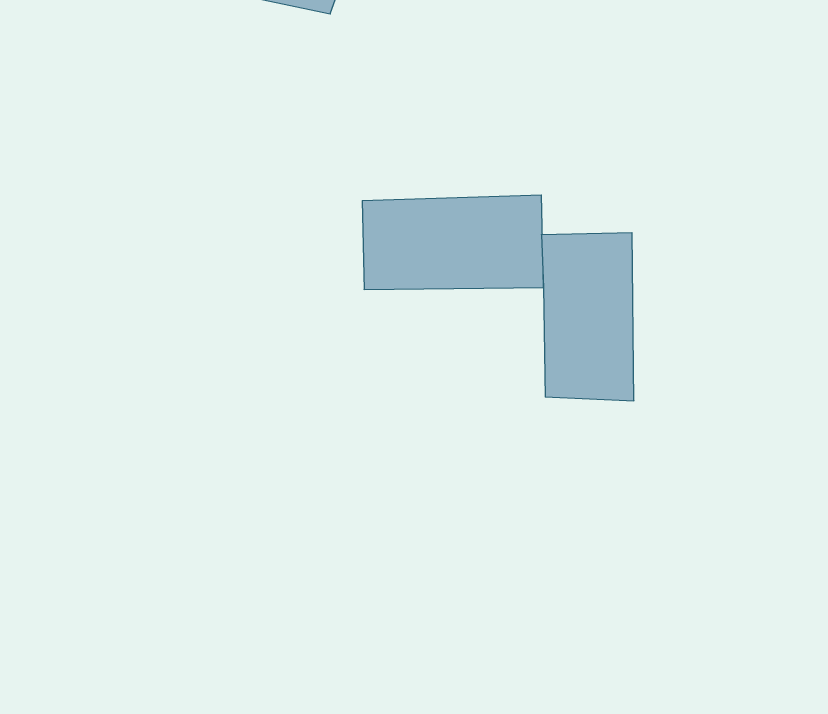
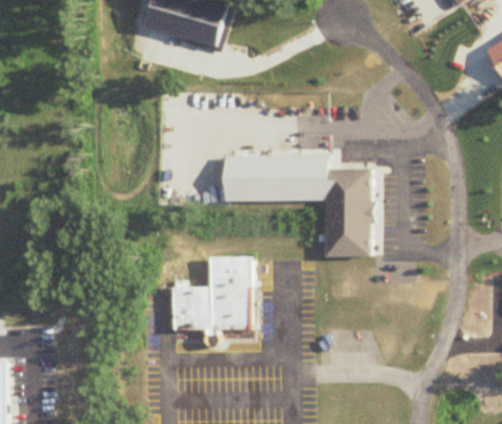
building: none -> [174,257,255,332]

